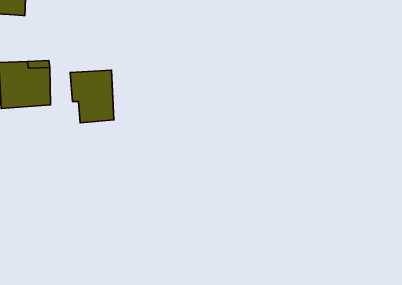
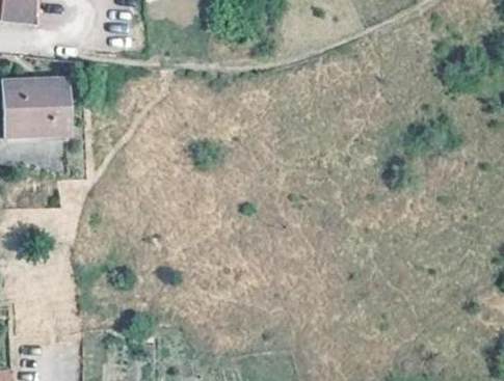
building: [70,70,114,123] -> none

